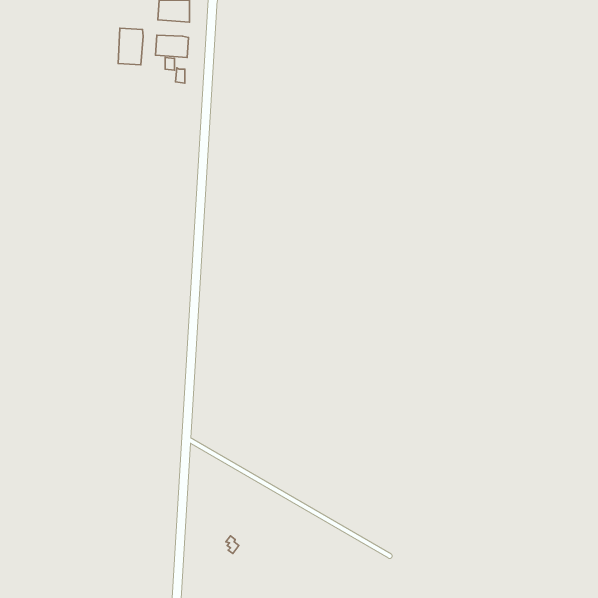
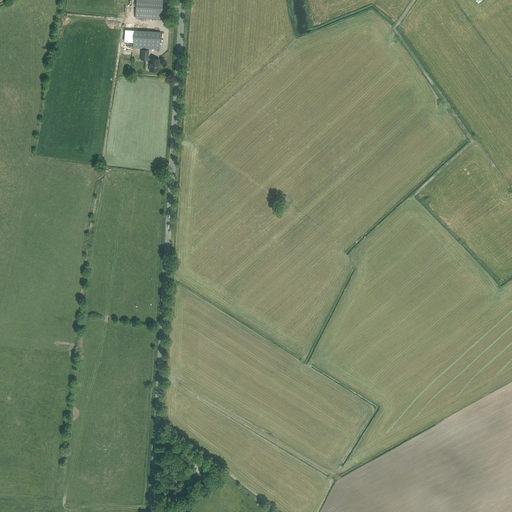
building: [118,28,143,65] -> none

